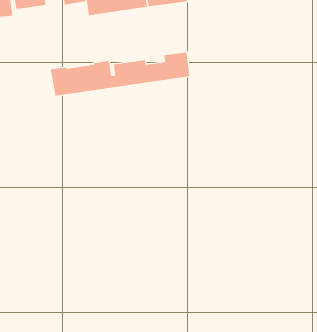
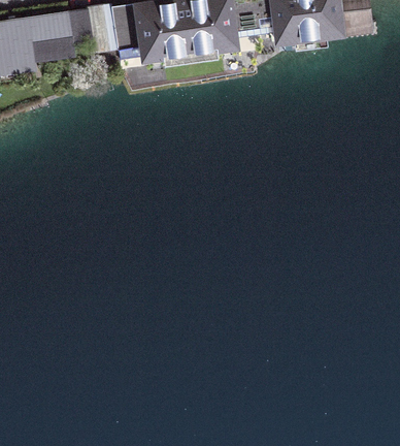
building: [50,51,190,97] -> none

